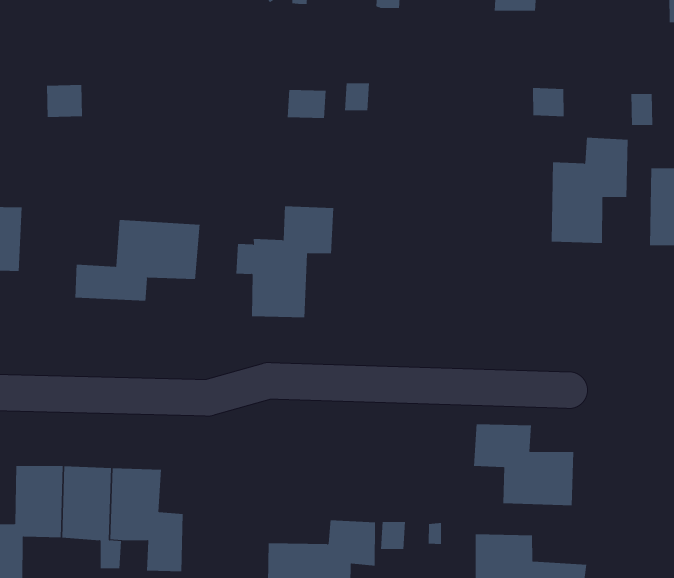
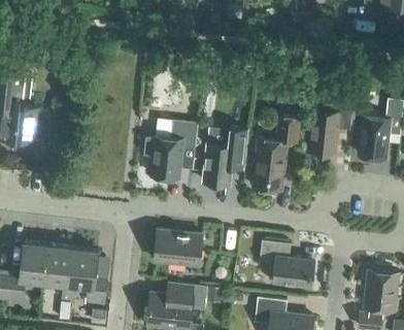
building: none -> [252,116,299,191]
building: none -> [202,128,247,185]
building: [75,219,200,302] -> none
building: none -> [154,229,202,265]

